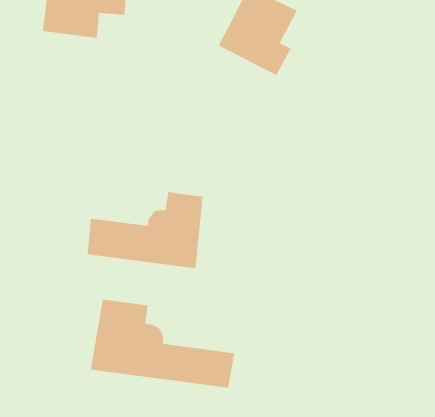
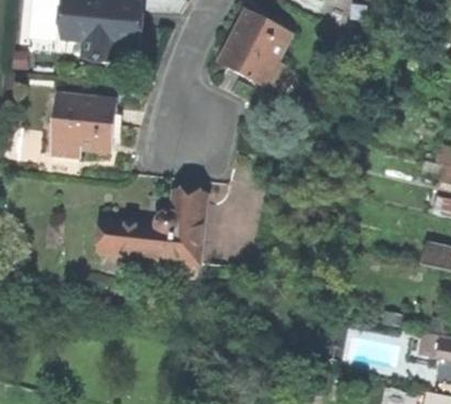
building: none -> [52,94,116,150]
building: [90,299,235,389] -> none

